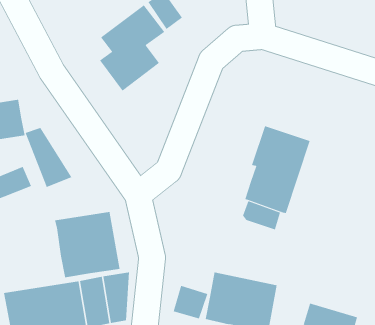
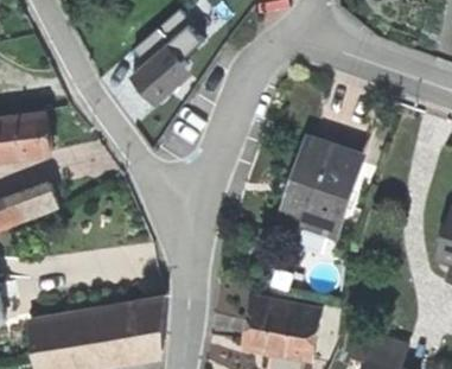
building: [25,127,72,188] -> none
building: [55,211,120,278] -> none

